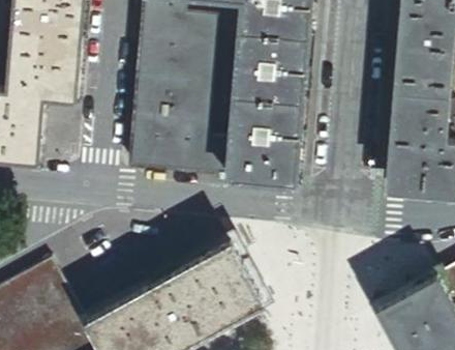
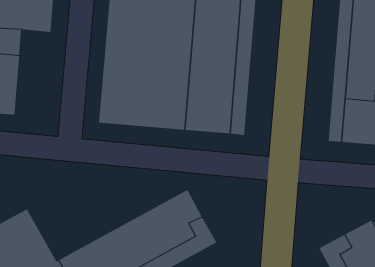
building: [41,61,77,96] -> none

